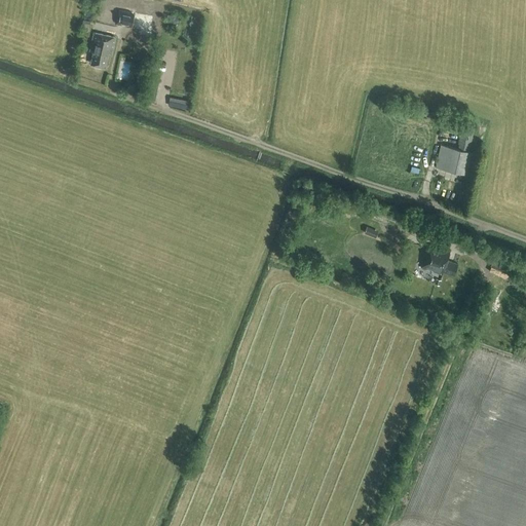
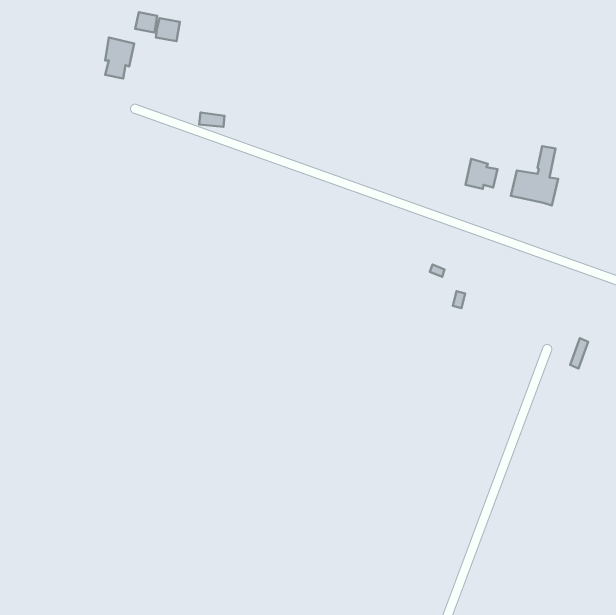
building: none -> [466,159,498,189]
building: [421,248,456,277] -> none

